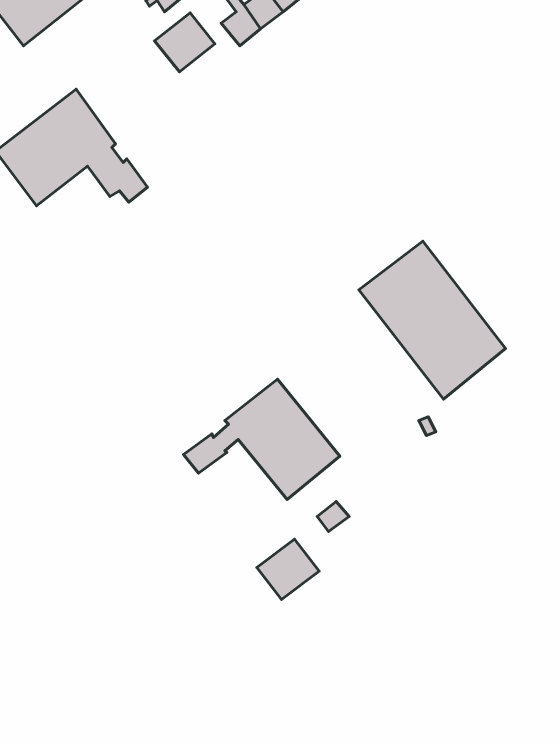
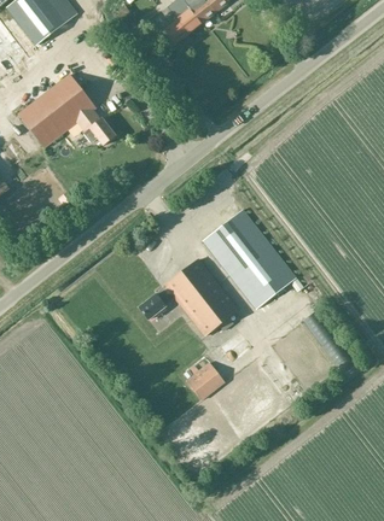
building: [155,13,215,72] -> none
building: [359,241,506,399] -> [202,207,296,309]

